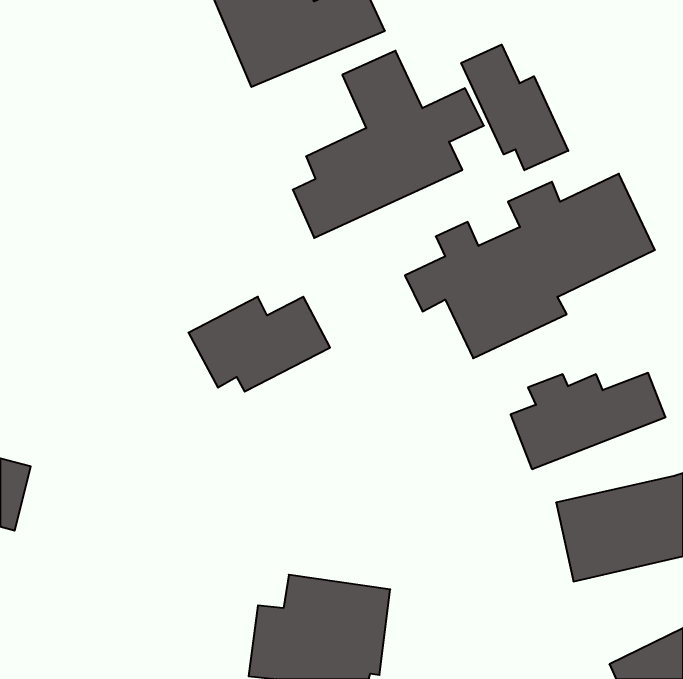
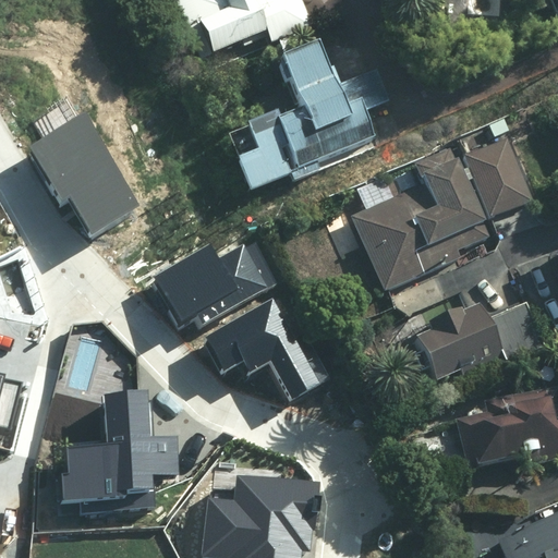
building: [461,45,568,170] -> none
building: none -> [27,110,136,227]
building: none -> [199,291,322,391]
building: none -> [58,395,172,509]

